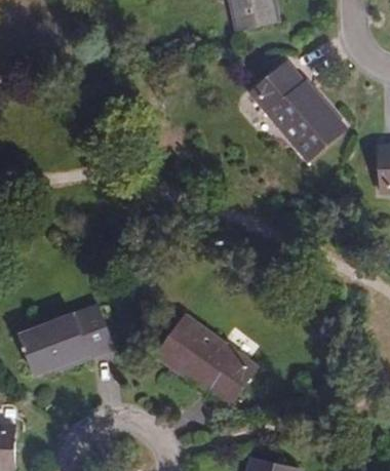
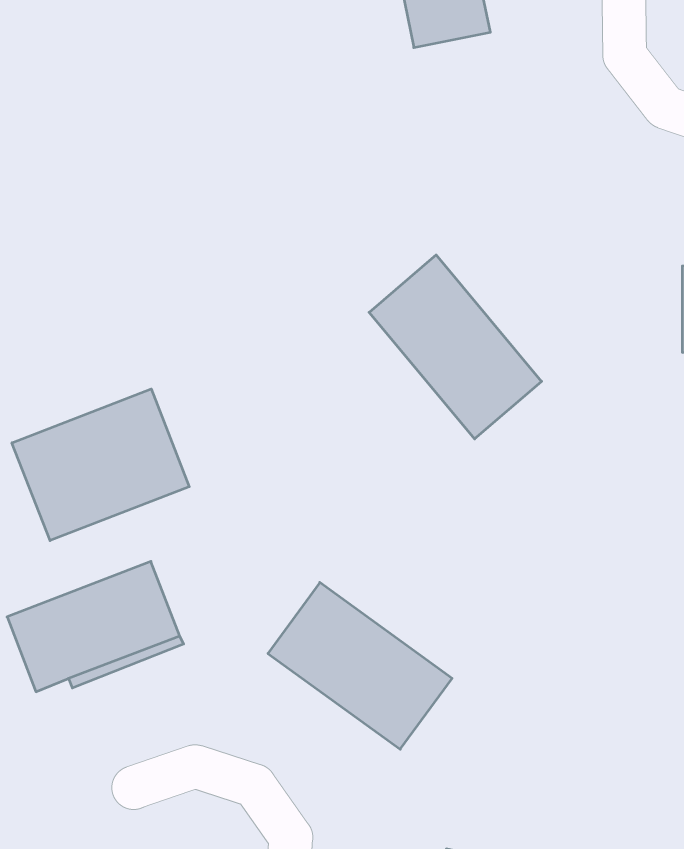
building: [250,62,343,160] -> [369,255,542,439]
building: none -> [12,389,189,541]

